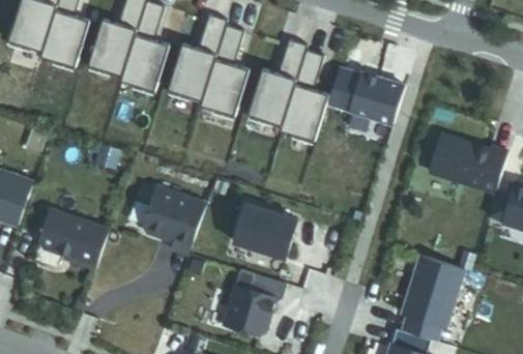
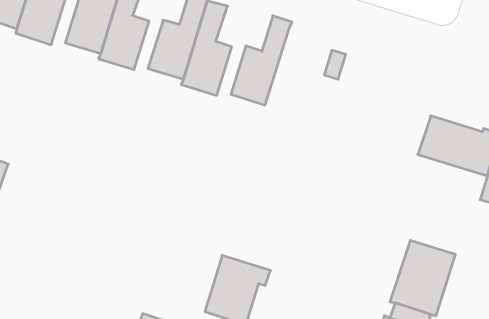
building: [280,50,328,141] -> none
building: [350,73,404,124] -> none
building: [143,186,206,256] -> none
building: [233,204,296,259] -> none
building: [39,208,109,268] -> none

